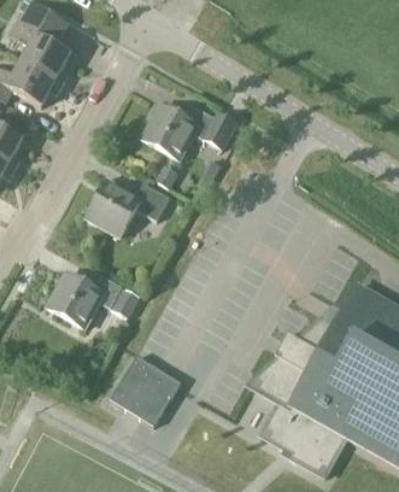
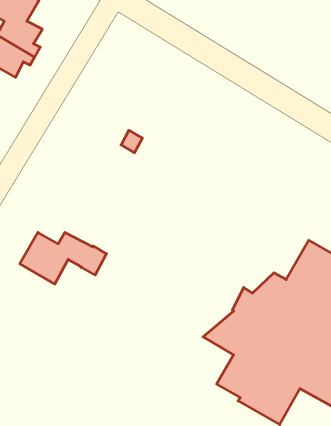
building: [141,102,235,158] -> none
building: [84,178,169,235] -> none
building: [110,353,180,424] -> none

